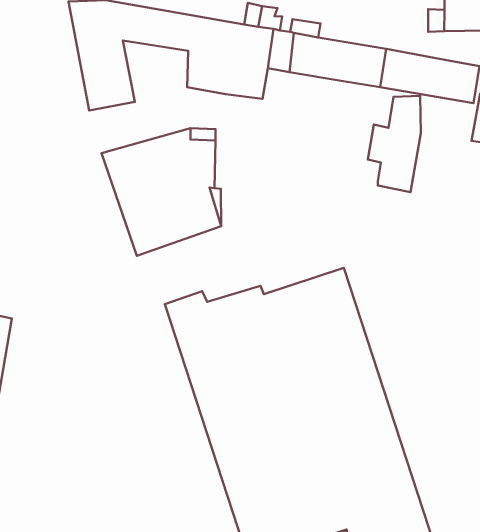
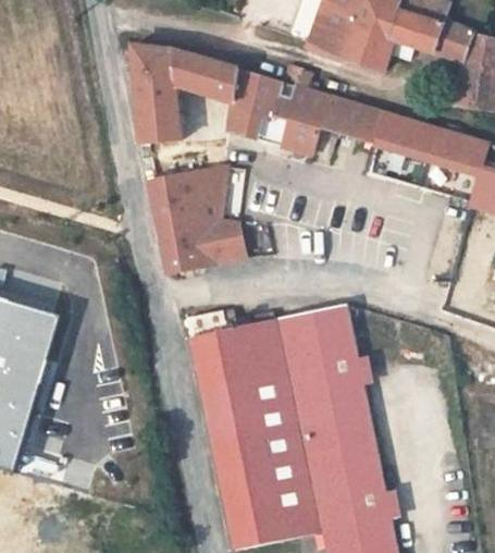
building: [368,96,421,192] -> none

